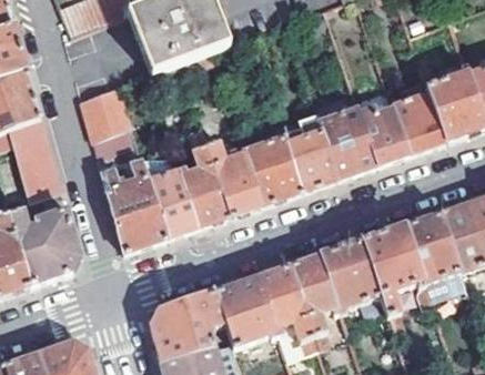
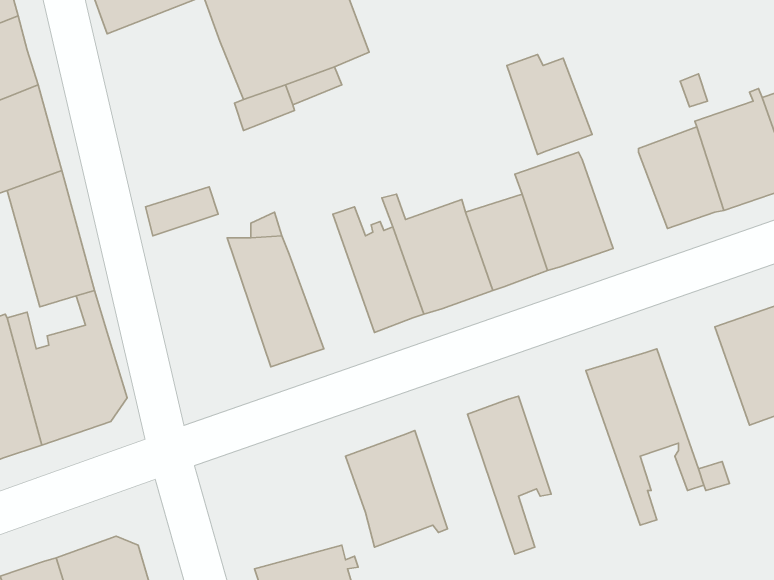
building: [81,87,131,139] -> none
building: [358,103,411,164] -> [507,55,592,155]
building: [180,143,232,225] -> none
building: [102,158,169,252] -> none
building: [404,212,461,283] -> none
building: [320,239,381,333] -> none
building: [256,265,317,355] -> none
building: [149,291,226,359] -> none

